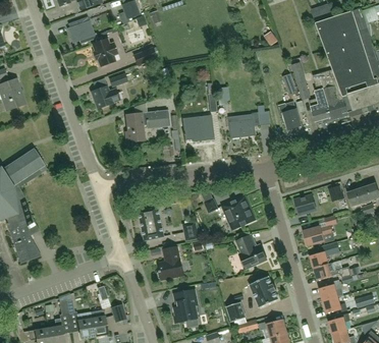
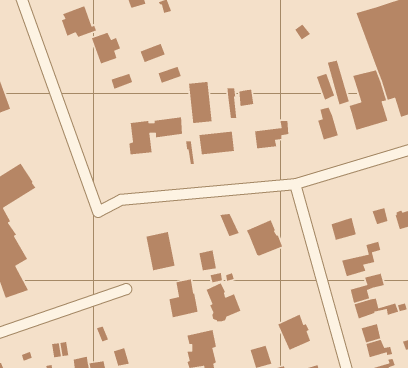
building: none -> [188,81,212,124]
building: [91,85,120,109] -> none
building: [236,235,267,269] -> [205,282,242,322]

